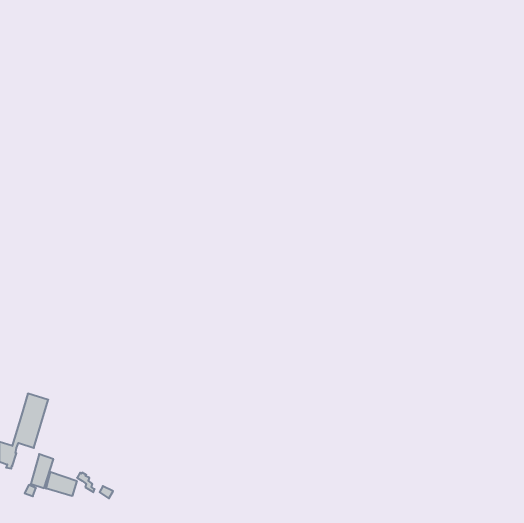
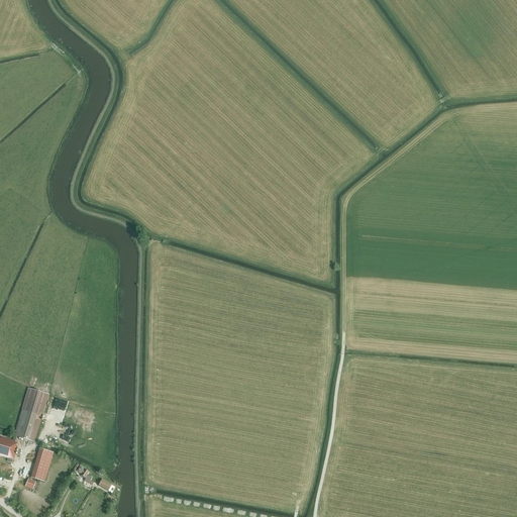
building: [46,472,77,496] -> none

